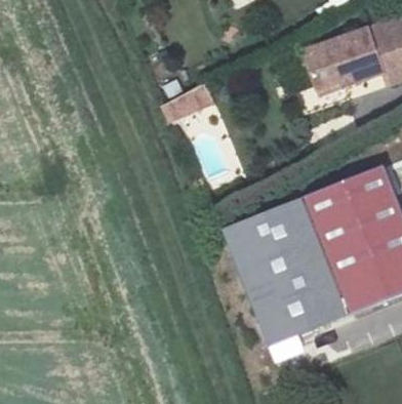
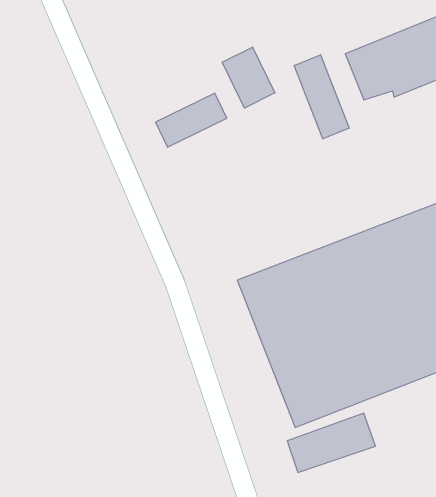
building: none -> [222,47,275,108]
building: none -> [294,55,349,139]

